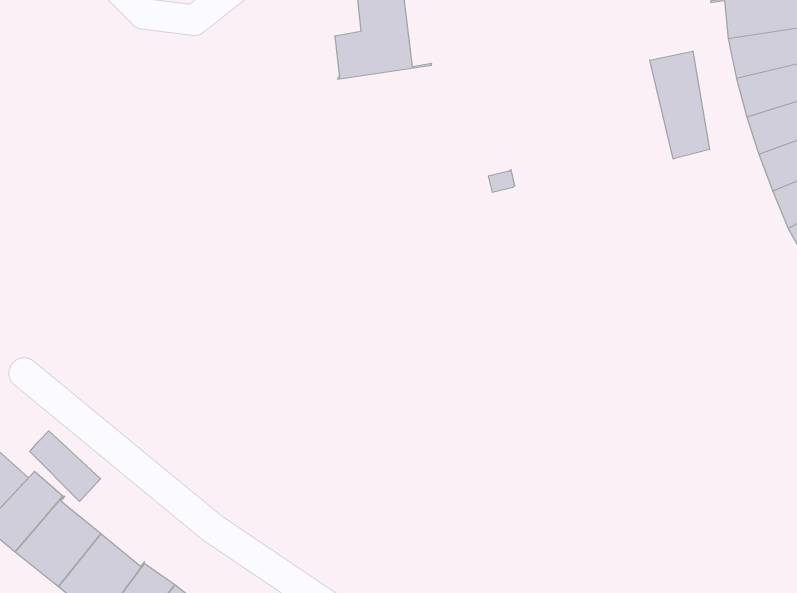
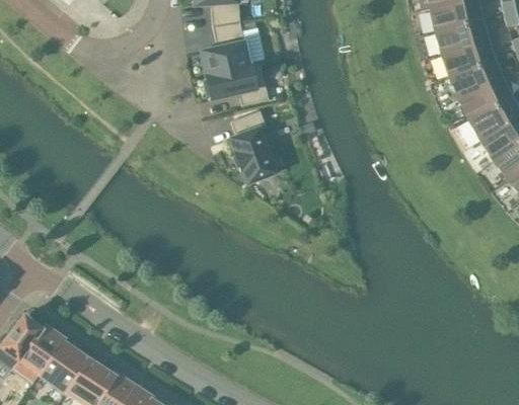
building: [650,51,710,159] -> none
building: none -> [203,64,269,106]
building: none -> [230,111,276,184]
building: [30,431,101,501] -> none

